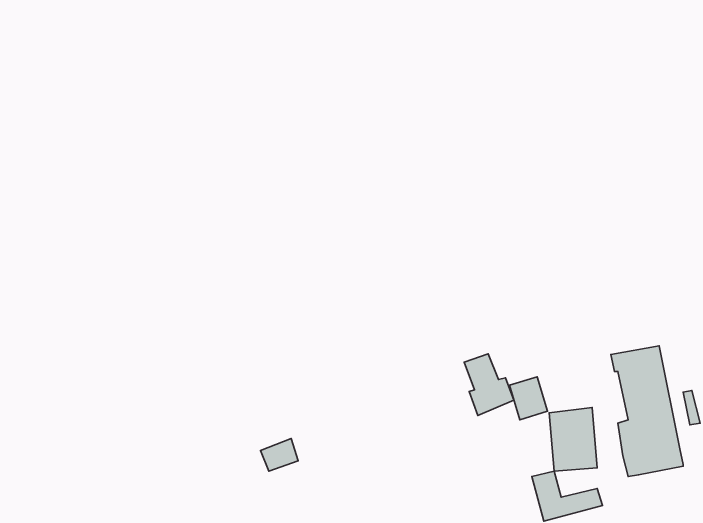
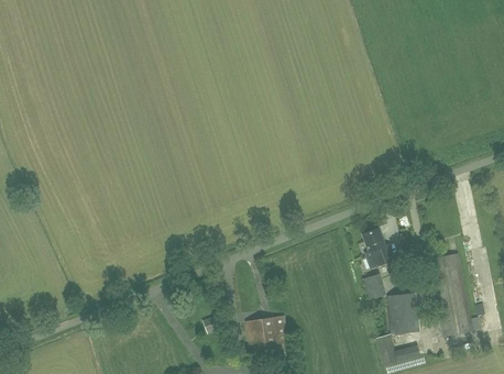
building: [464,354,514,416] -> [362,229,394,268]
building: none -> [245,316,287,356]

